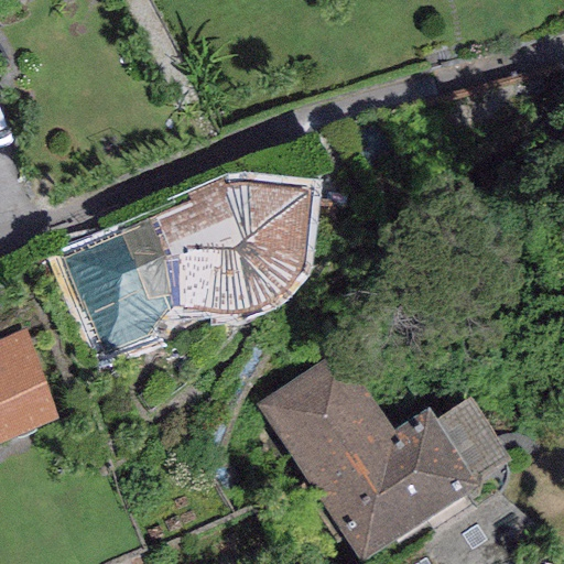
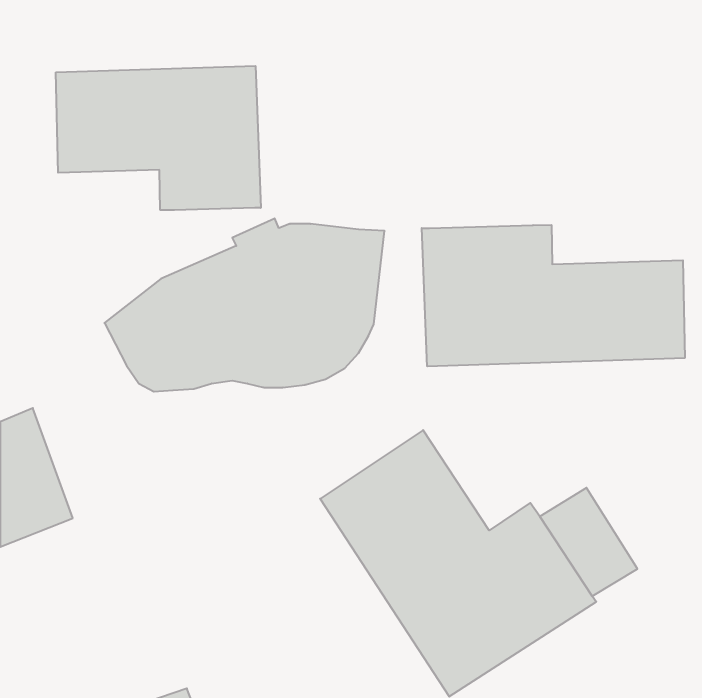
building: none -> [56,66,261,210]
building: none -> [422,225,685,366]

